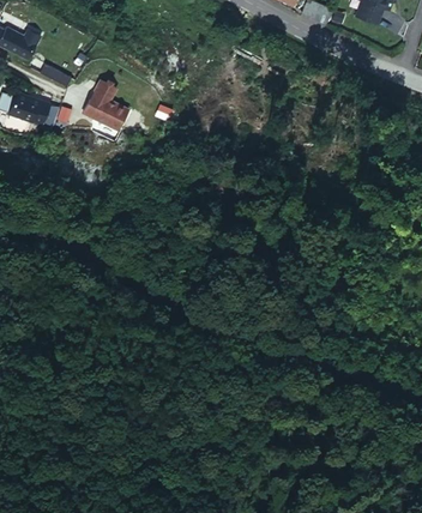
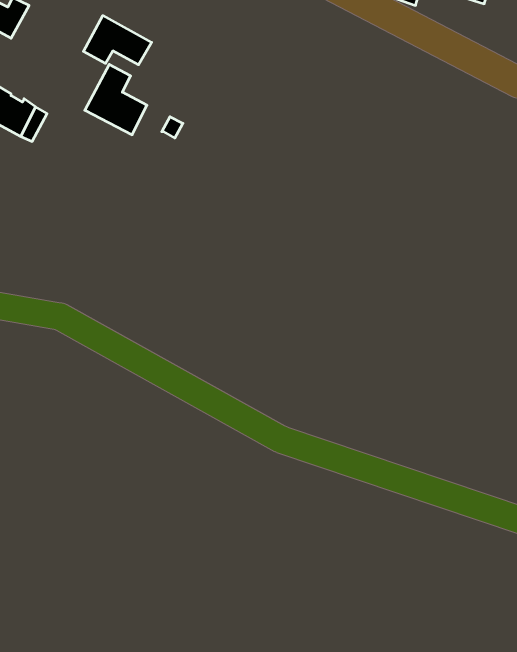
building: none -> [83,16,152,65]

